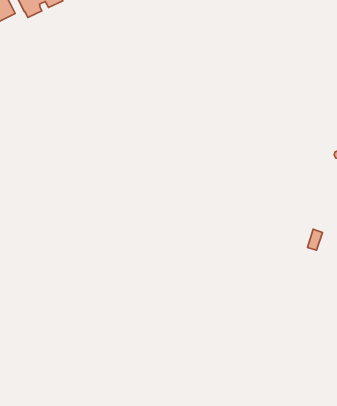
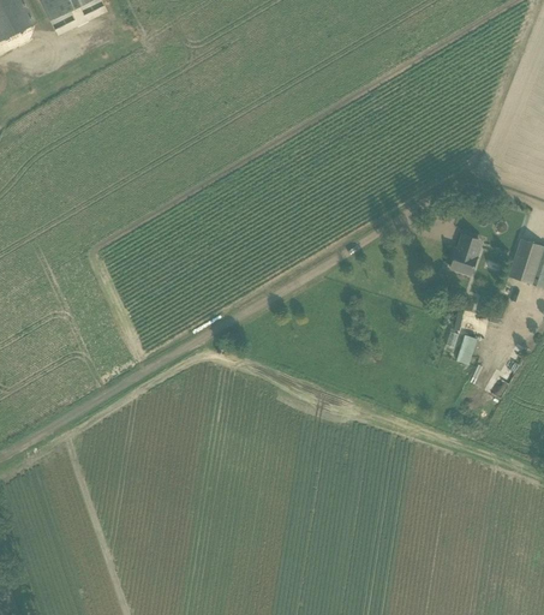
building: none -> [450,232,482,273]

